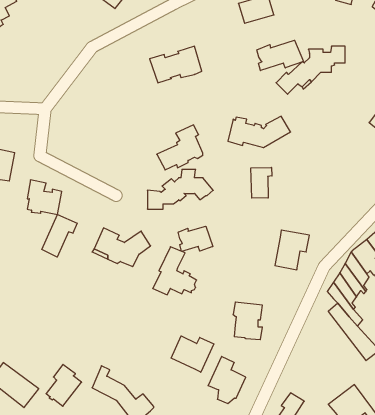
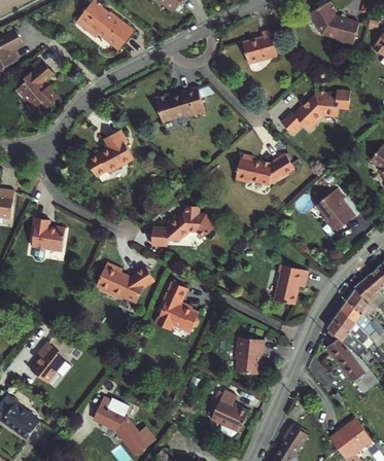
building: none -> [15,59,60,107]
building: [257,40,303,71] -> none
building: [157,125,203,170] -> [82,127,128,171]
building: none -> [315,188,354,232]
building: [251,167,272,198] -> none
building: [42,214,77,257] -> none
building: [178,226,213,251] -> none
building: [171,336,214,372] -> none
building: [46,364,82,406] -> [33,344,68,385]

